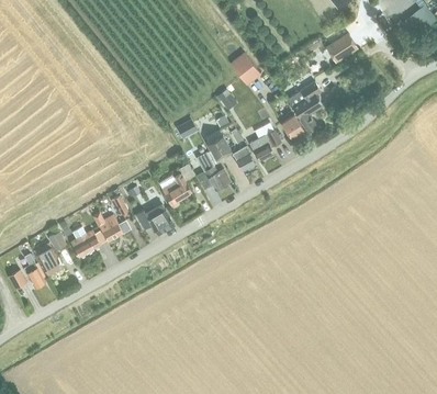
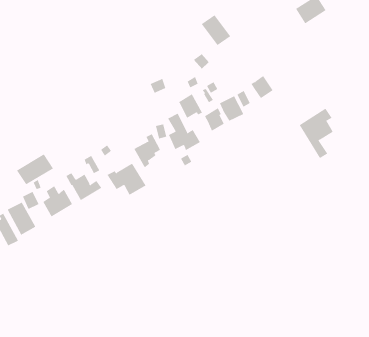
building: [287,81,322,133] -> [299,108,334,159]
building: none -> [16,154,54,185]

